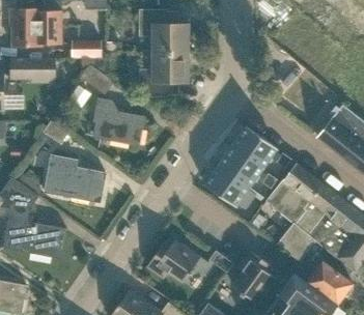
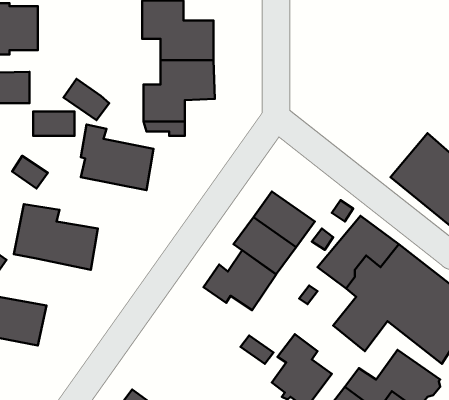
building: [71,40,101,58] -> [33,112,75,136]
building: [231,125,276,168] -> none
building: [146,239,199,283] -> [203,250,276,310]

